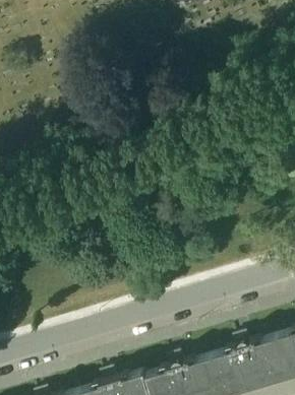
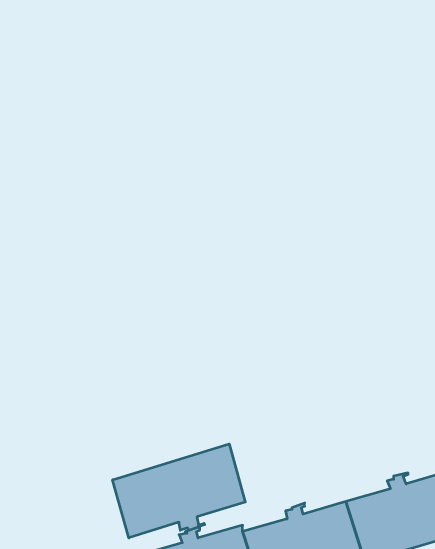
building: none -> [113,444,245,538]

